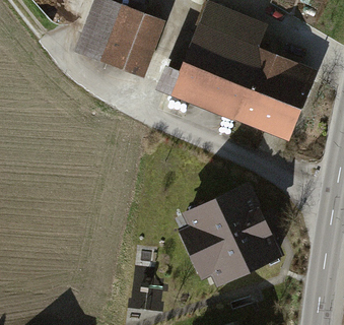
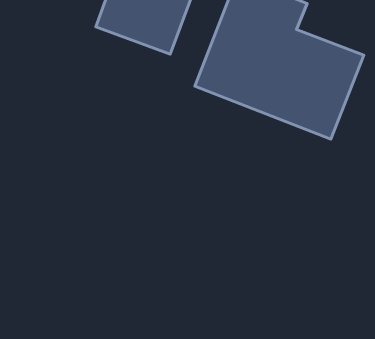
building: [183,187,278,283] -> none

